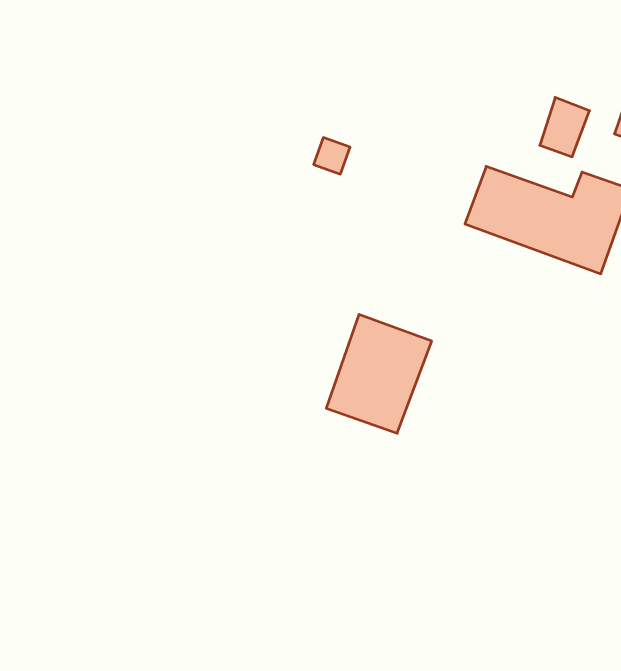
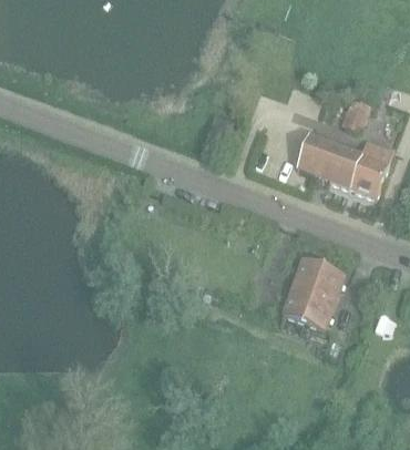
building: [326,314,432,433] -> [283,258,344,327]

